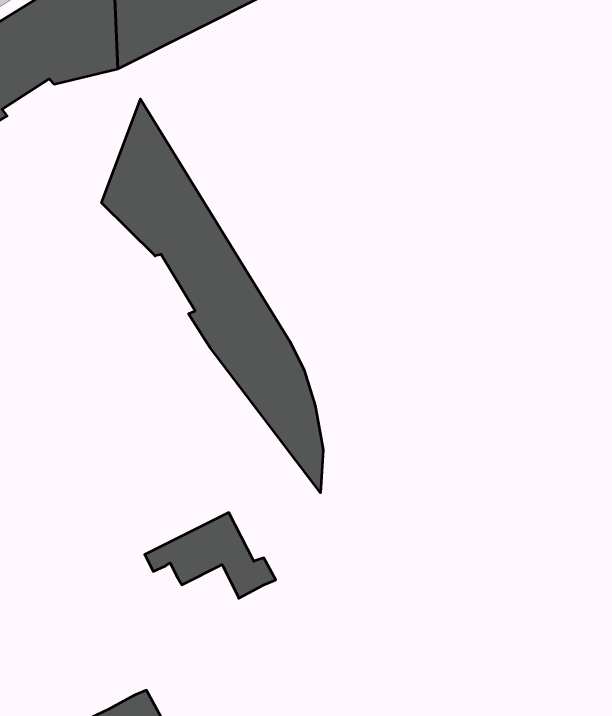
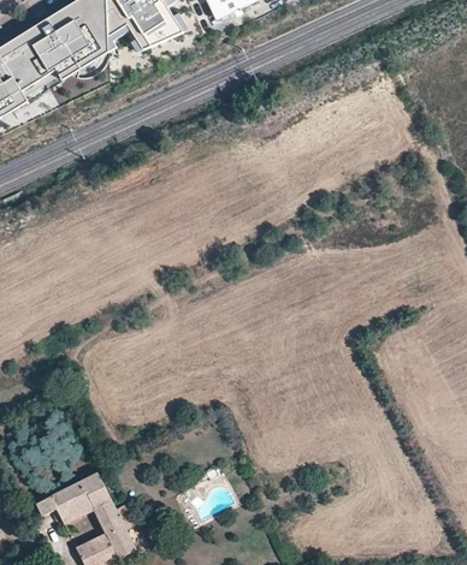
building: [102,99,323,493] -> none
building: [145,513,276,598] -> [32,465,126,527]

